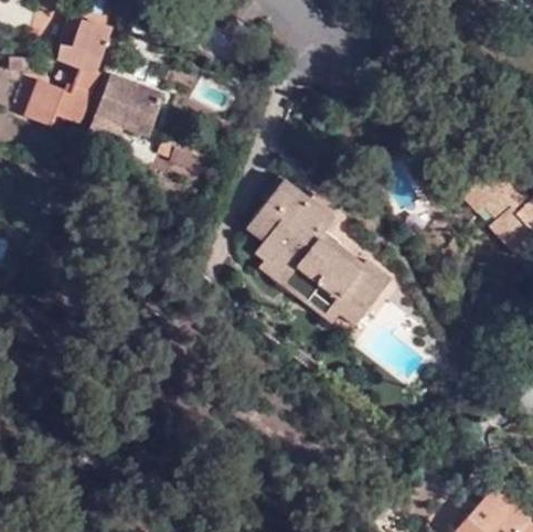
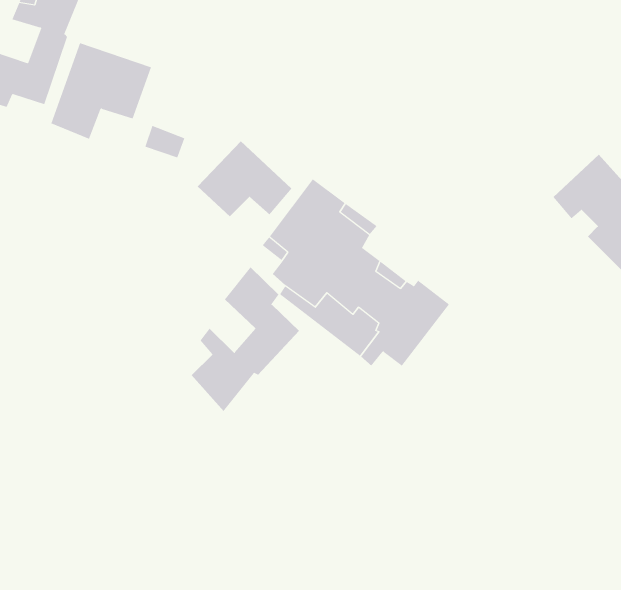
building: none -> [197,141,292,217]
building: none -> [191,266,300,412]

